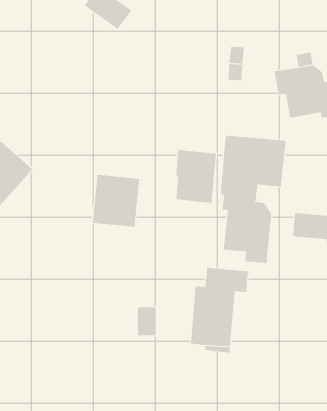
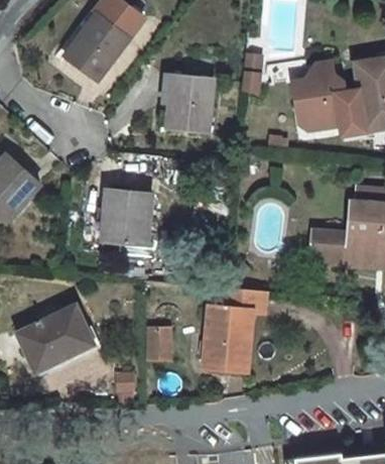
building: none -> [66,14,128,81]
building: [220,135,286,264] -> none
building: [176,150,217,204] -> [169,76,213,132]
building: none -> [17,306,90,372]

